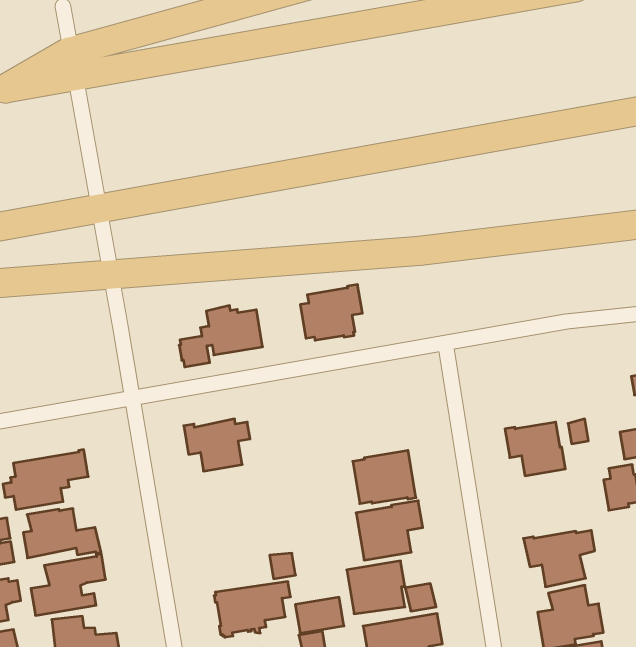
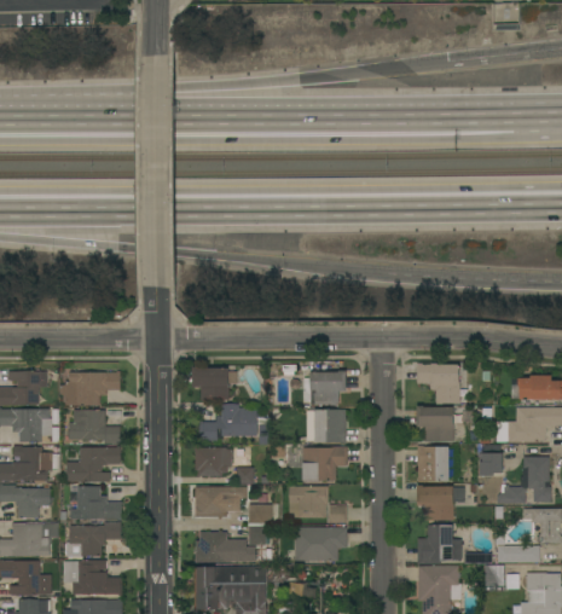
building: [300,285,362,340] -> [303,371,346,406]
building: [179,306,263,367] -> [198,404,256,441]
building: none -> [416,363,459,404]
building: none -> [417,445,448,481]
building: none -> [195,447,231,476]

